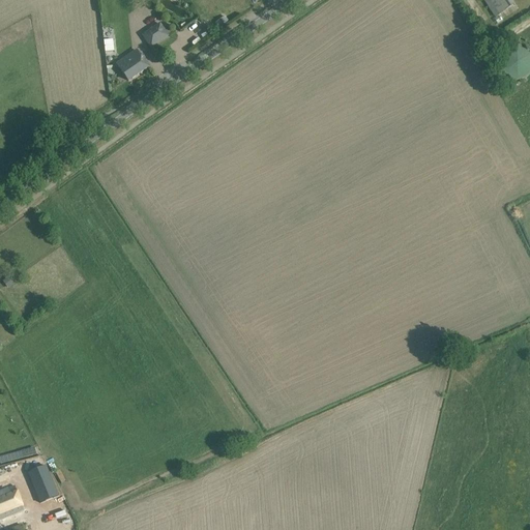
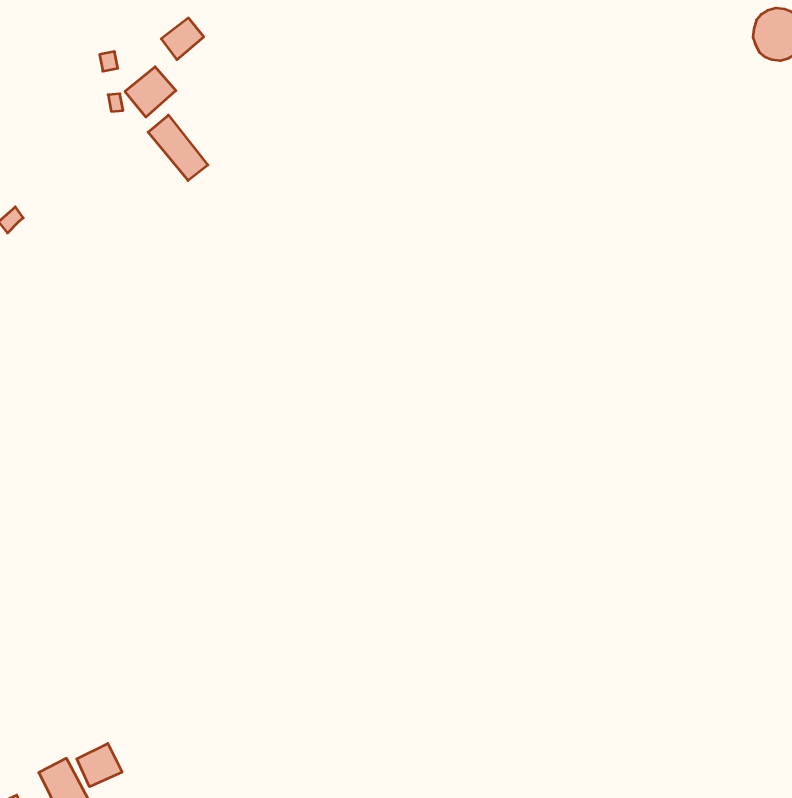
building: none -> [148,115,208,181]
building: none -> [77,743,122,787]

